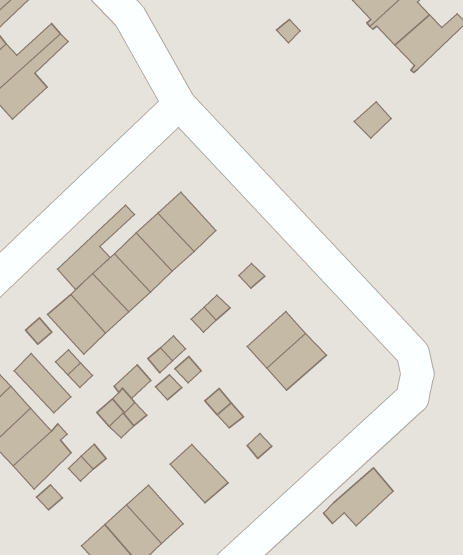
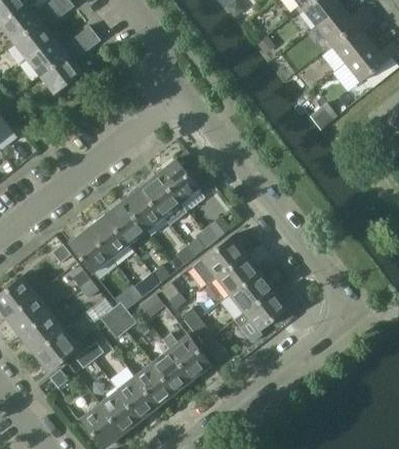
building: [57,205,135,289] -> none
building: none -> [192,237,246,286]
building: [14,353,71,413] -> none
building: none -> [162,334,210,379]
building: none -> [133,362,174,407]
building: [323,468,393,526] -> [234,290,287,332]

